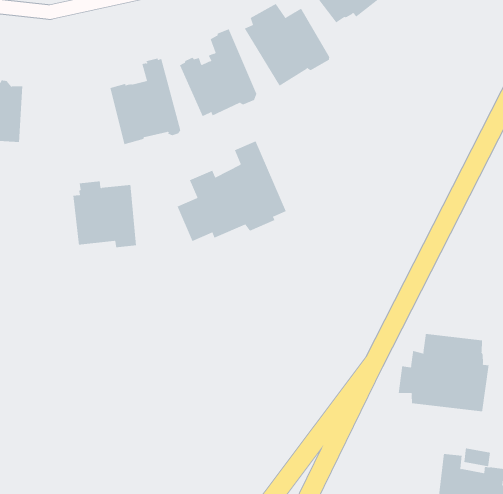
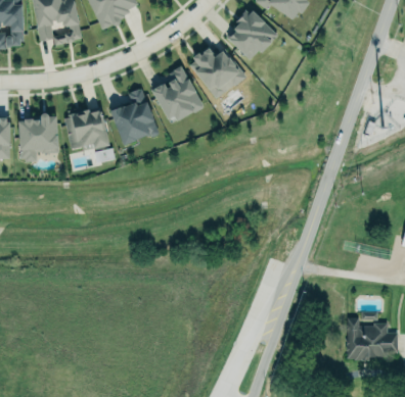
building: [177,141,286,242] -> none
building: [73,181,137,248] -> [64,107,108,149]
building: [398,333,489,412] -> none

